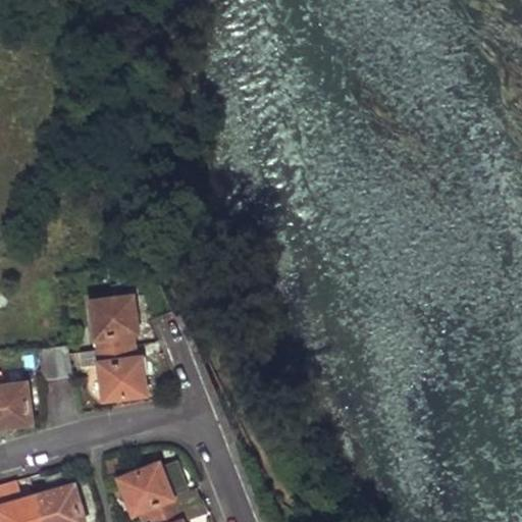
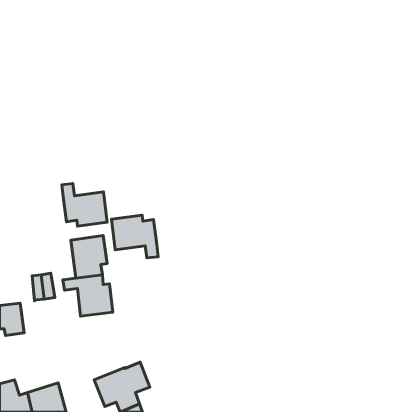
building: none -> [62,184,107,226]
building: none -> [111,215,158,258]

